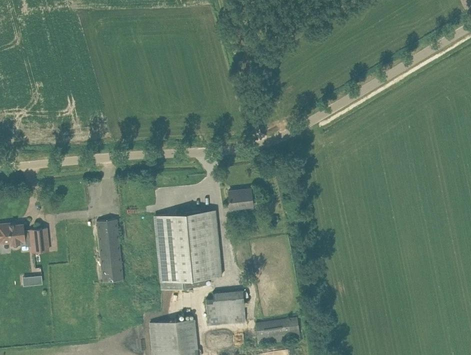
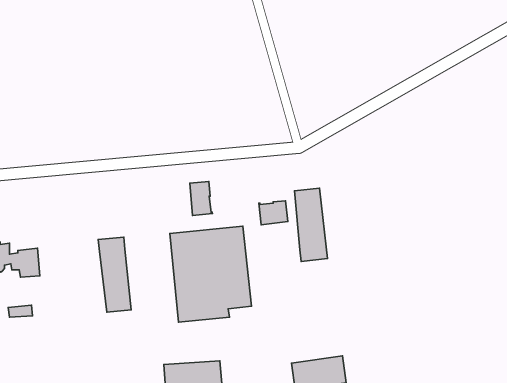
building: none -> [190,181,212,216]
building: none -> [295,188,327,262]
building: [205,290,245,326] -> none

